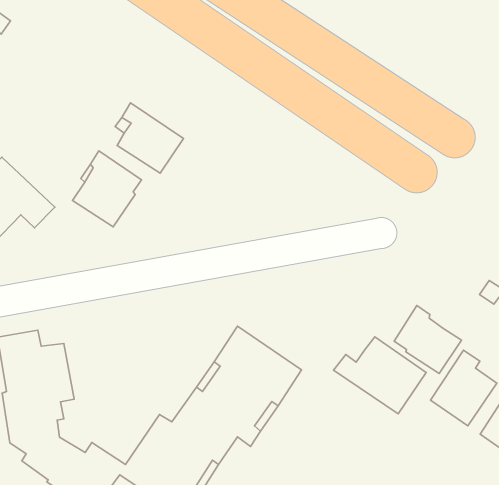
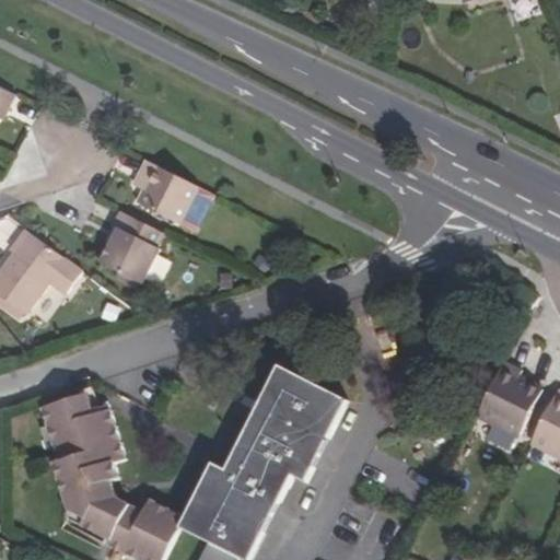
building: [394,305,461,373] -> none
building: [334,337,426,414] -> none

